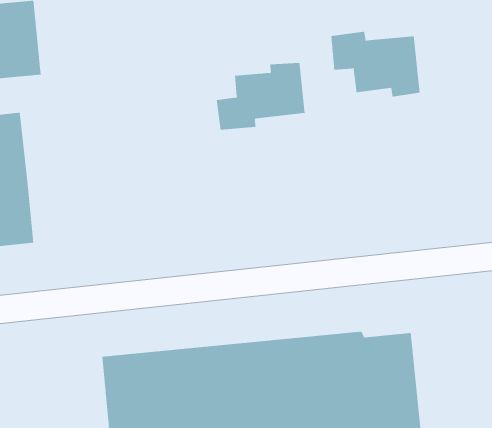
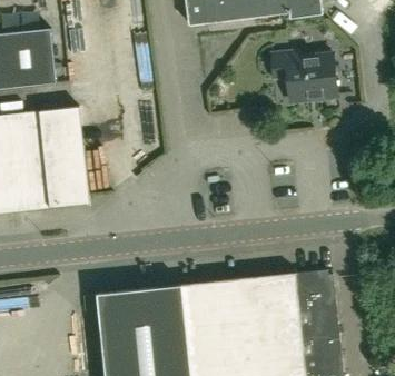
building: [216,62,305,131] -> none
building: none -> [39,106,88,207]

